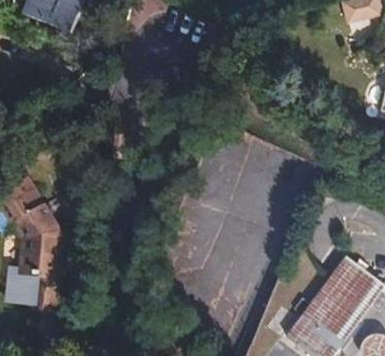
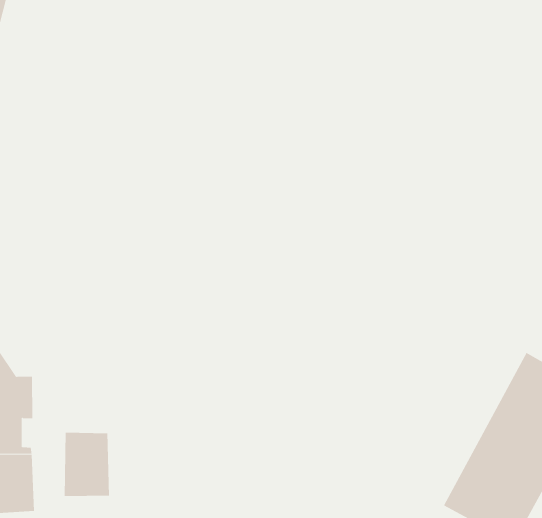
building: none -> [64,432,110,497]

